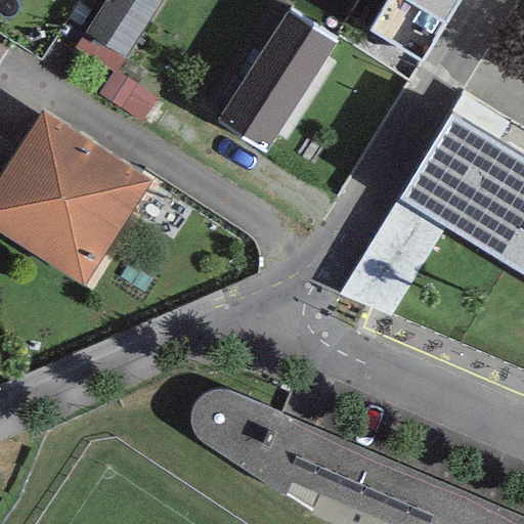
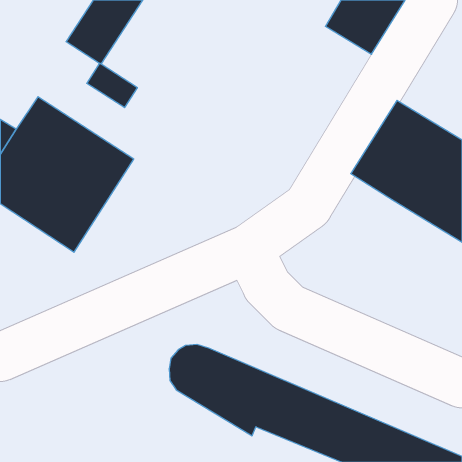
building: [217,9,338,150] -> none
building: [338,196,444,316] -> none

